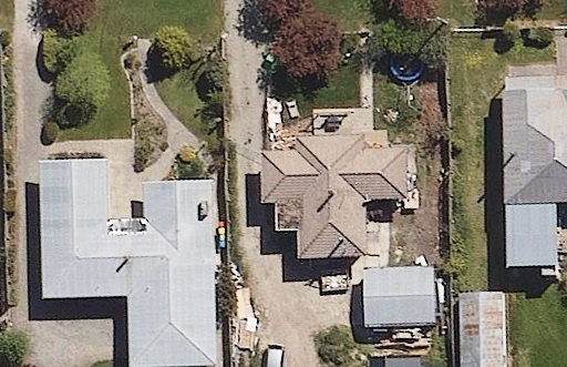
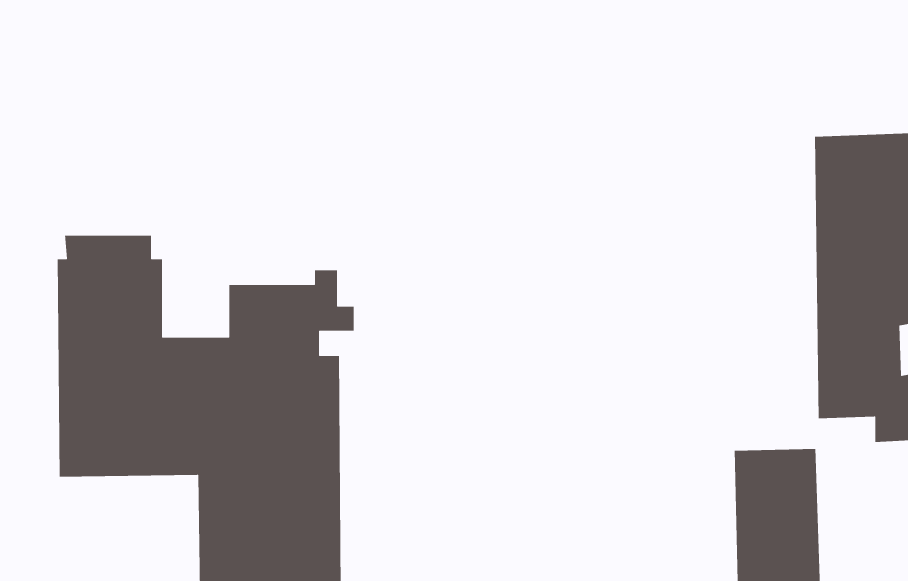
building: [256,130,410,259] -> none
building: [341,265,436,330] -> none

